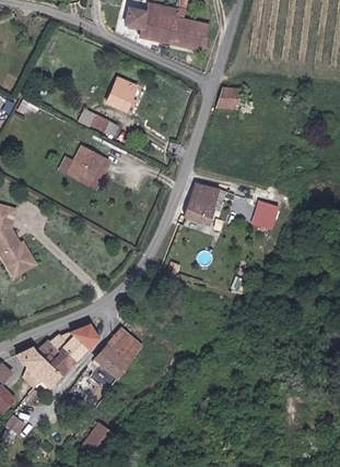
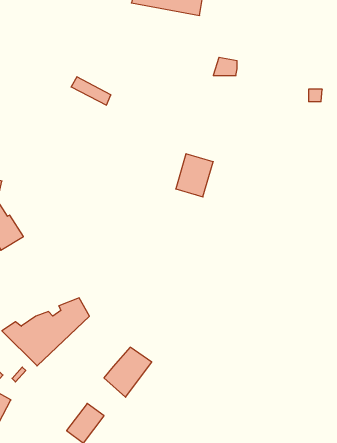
building: [106,77,136,110] -> none
building: [58,146,110,190] -> none
building: [249,199,279,230] -> none
building: [95,330,141,378] -> [104,347,152,397]

